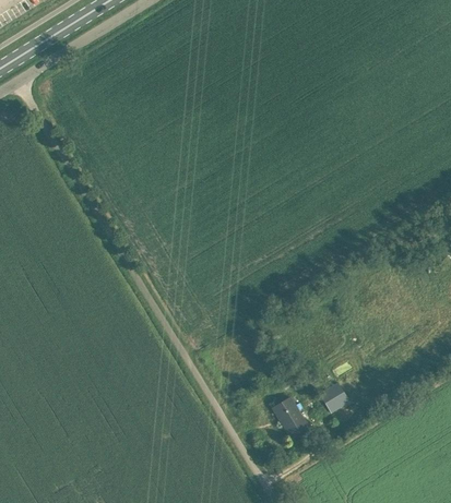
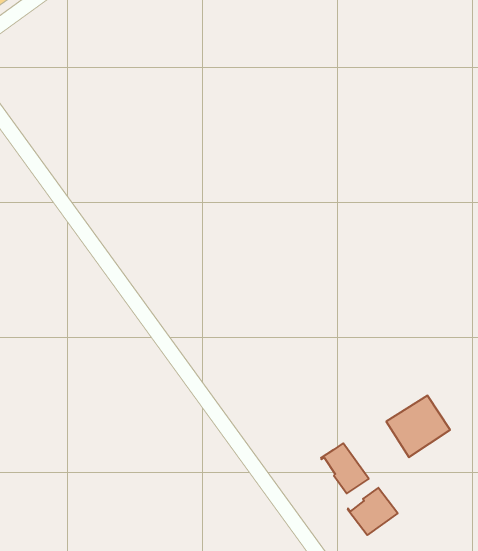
building: none -> [348,488,398,535]

